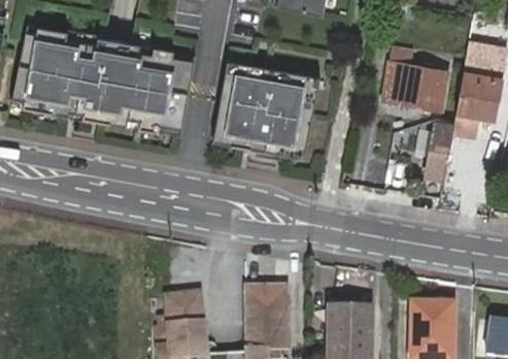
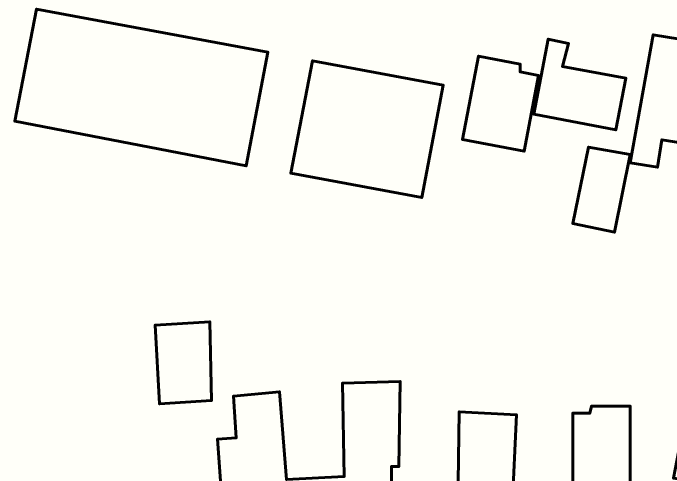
building: none -> [462,56,539,151]
building: none -> [155,322,212,404]

